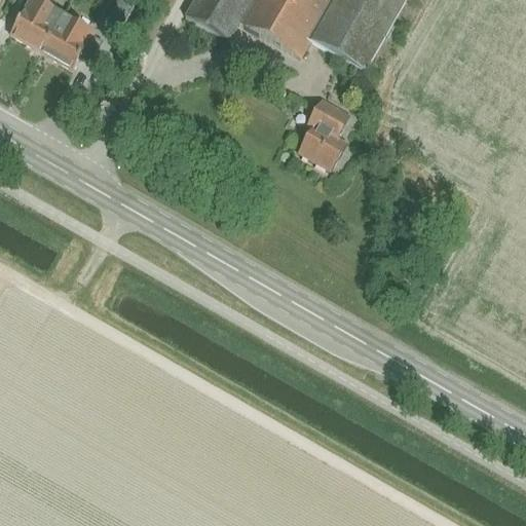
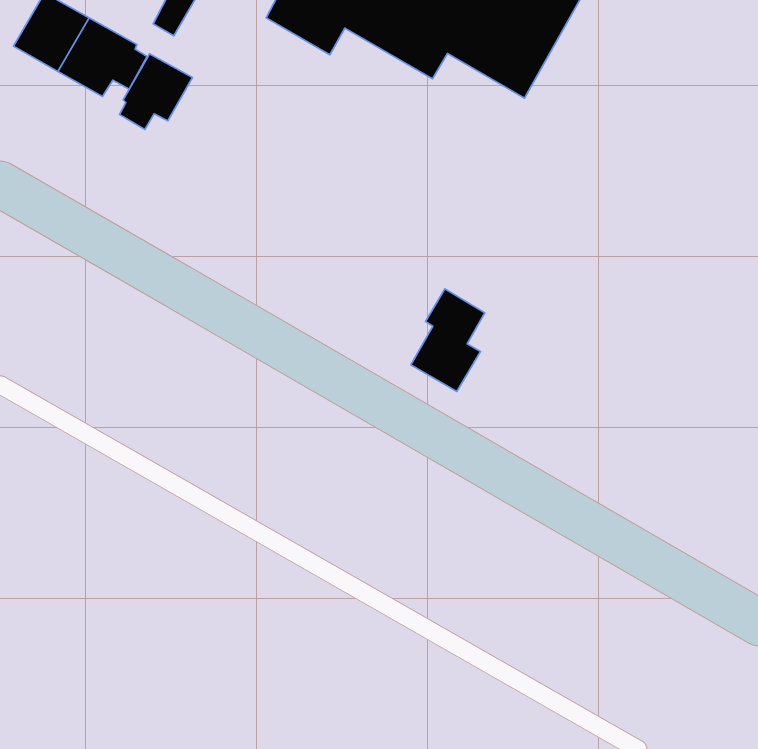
building: none -> [120,54,192,130]
building: [299,98,350,168] -> [411,289,485,391]

